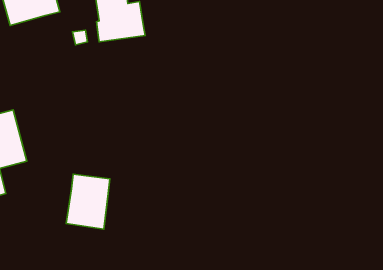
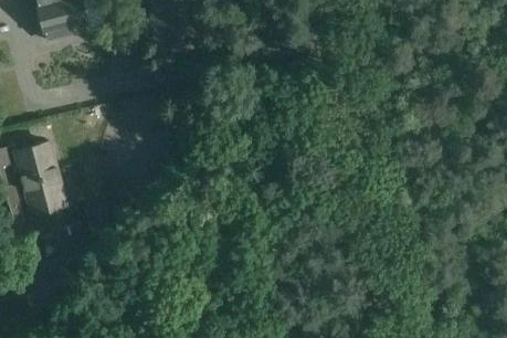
building: [66,174,110,229] -> none

